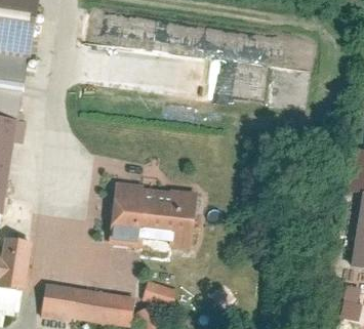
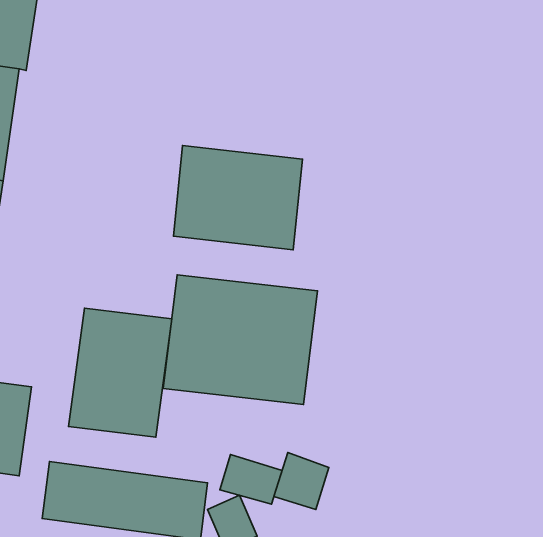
building: none -> [173,146,302,250]
building: none -> [68,308,172,437]
building: none -> [274,452,329,509]

